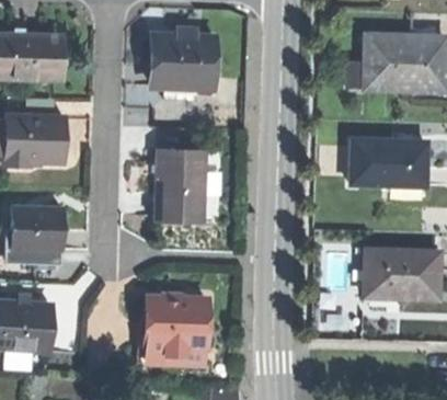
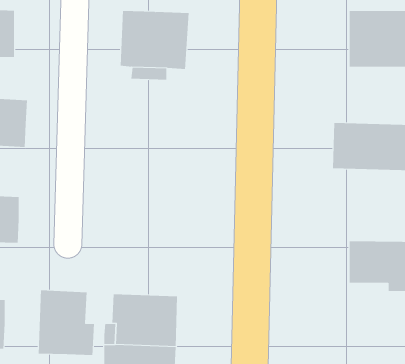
building: [157,150,208,222] -> none
building: none -> [38,290,95,356]

